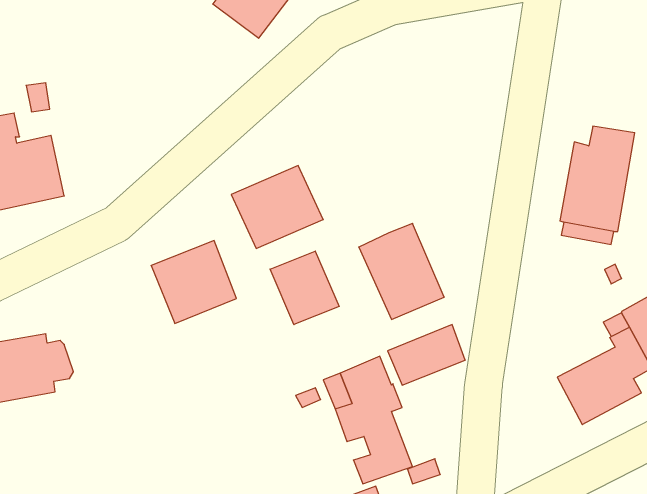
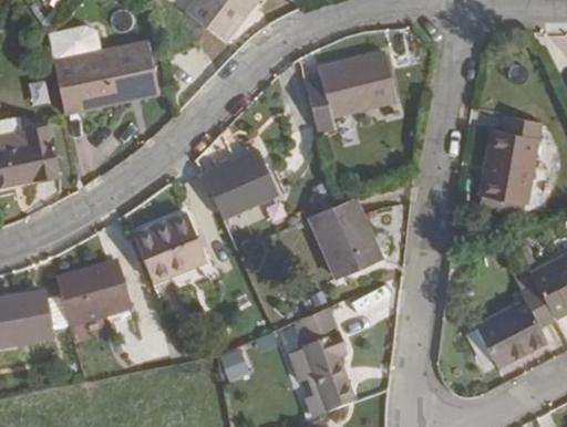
building: none -> [48,25,159,115]
building: none -> [305,52,396,135]
building: [270,251,339,325] -> none
building: none -> [55,261,131,327]

